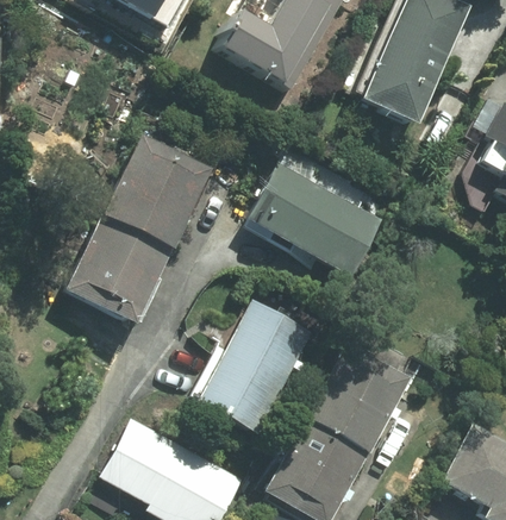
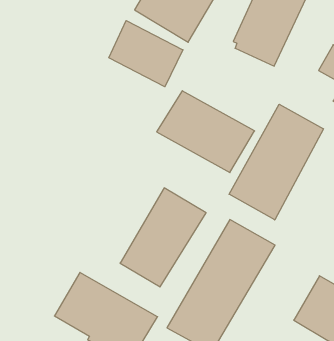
building: none -> [109,21,183,87]
building: [61,138,210,330] -> none
building: none -> [229,104,323,220]

